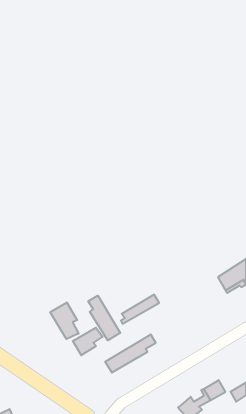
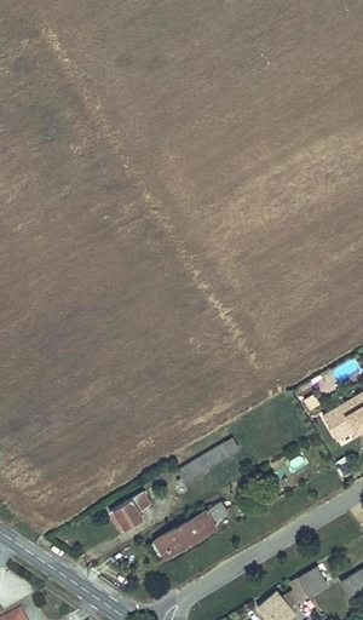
building: [88,296,120,340] -> none
building: [50,302,79,339] -> none

